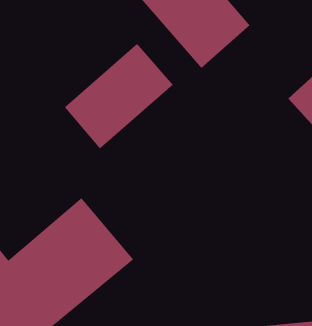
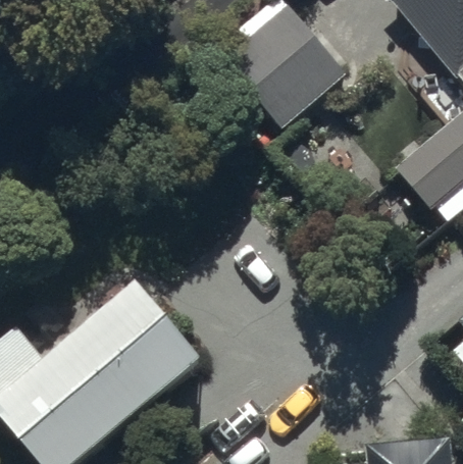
building: [64,43,174,149] -> none

